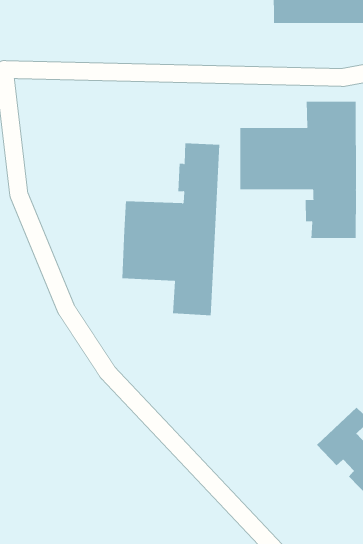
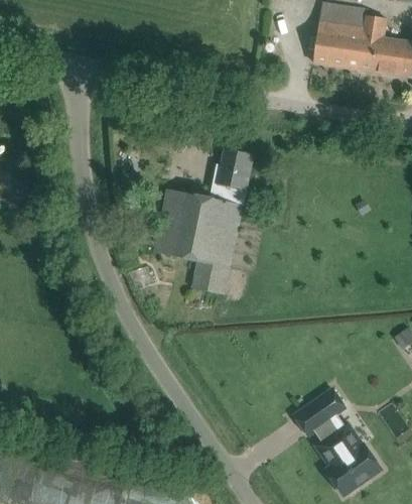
building: [240,101,356,239] -> none

